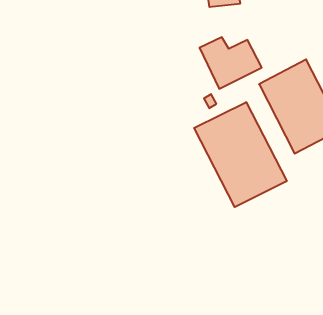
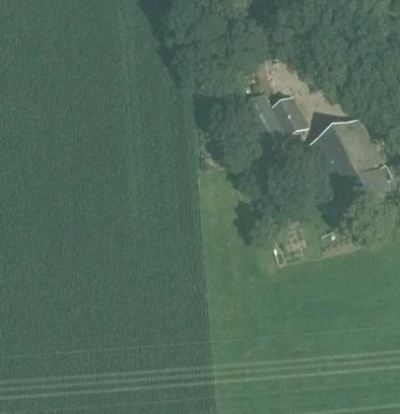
building: [194,102,287,207] -> none

